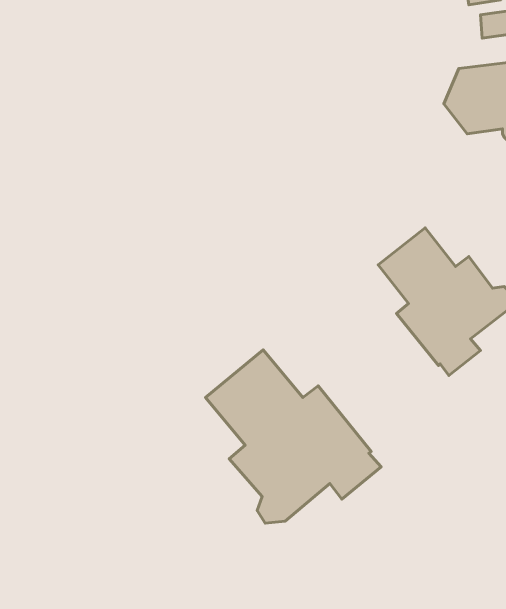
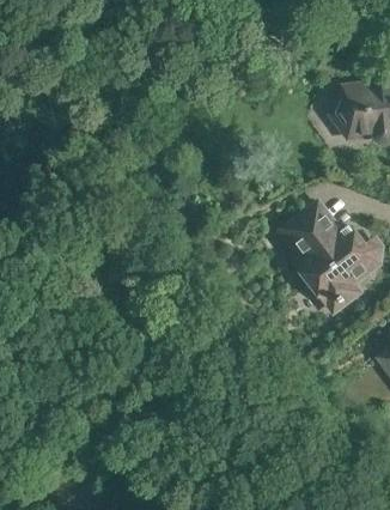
building: [205,350,381,523] -> none

